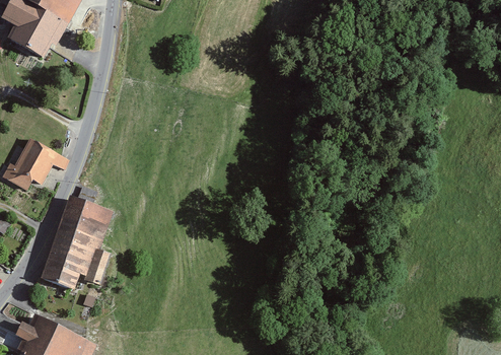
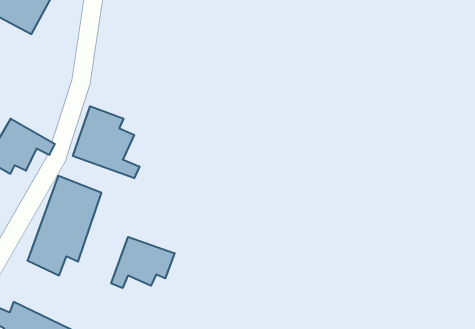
building: none -> [73,106,139,178]
building: none -> [111,237,175,288]

